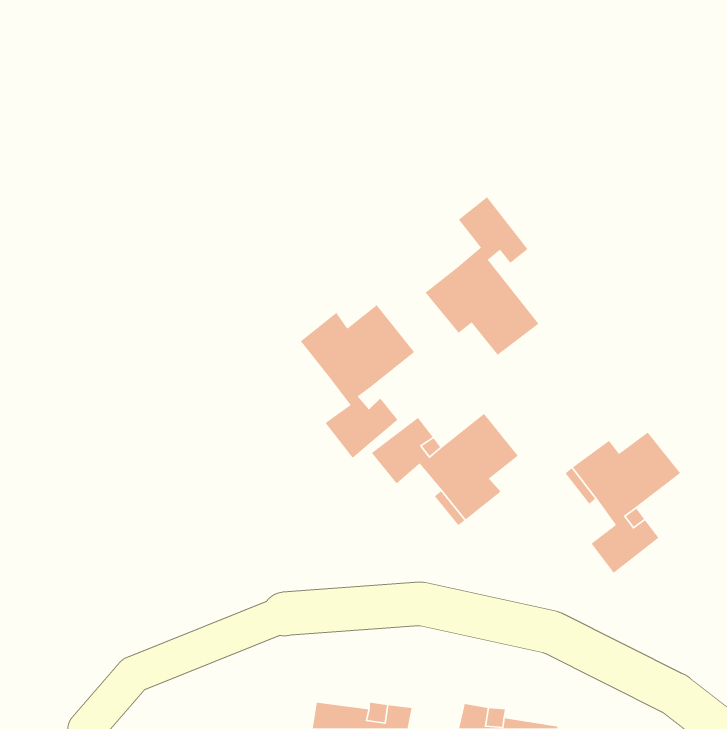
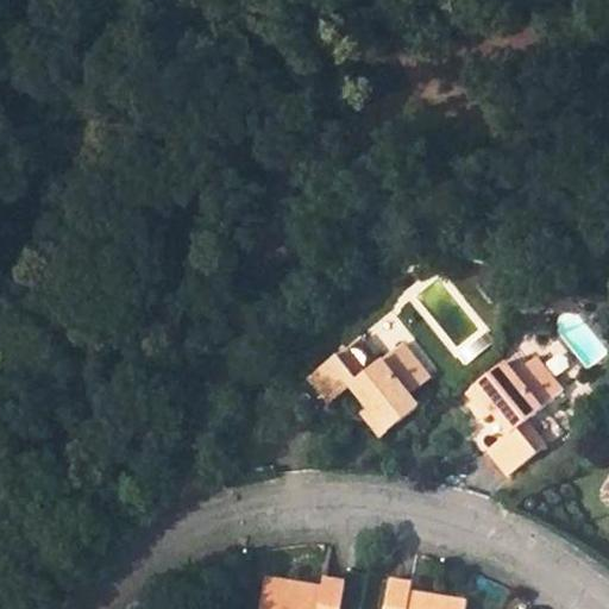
building: [425,196,539,356] -> none
building: [300,304,415,459] -> none

